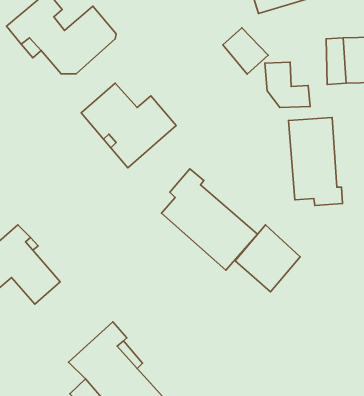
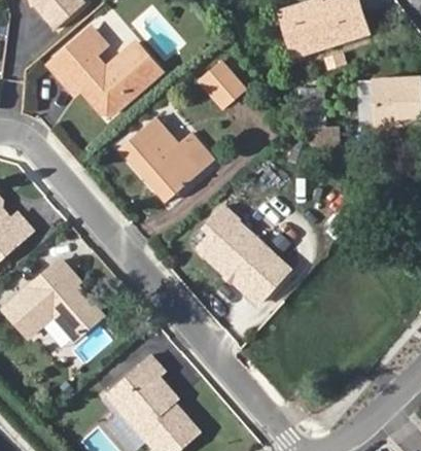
building: [223,28,268,74] -> [201,64,245,109]
building: [289,117,343,205] -> none
building: [235,225,300,292] -> none

